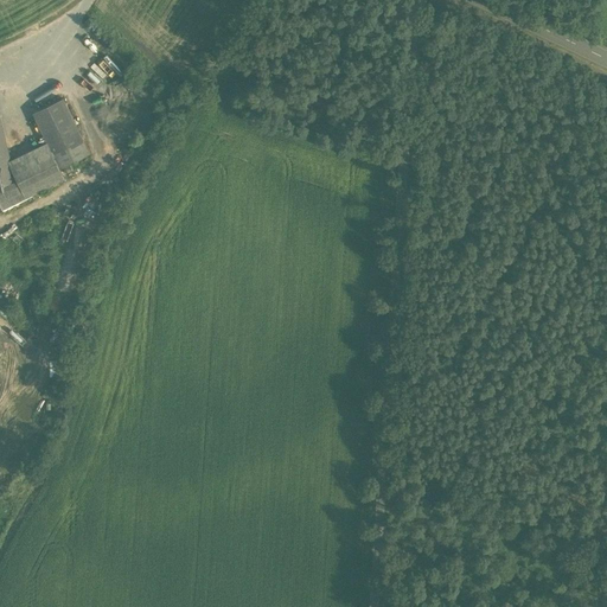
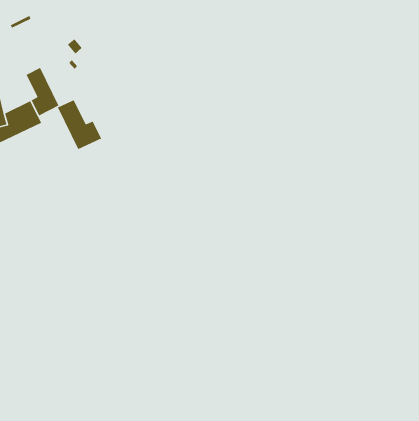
building: none -> [57,99,102,150]

